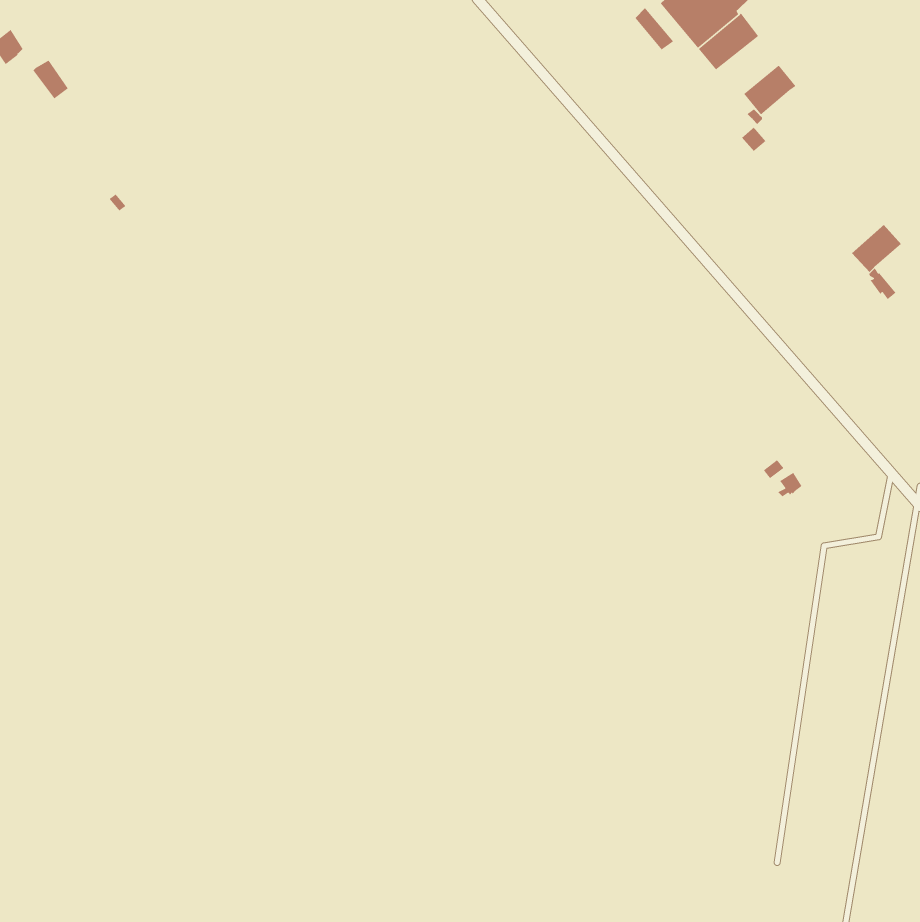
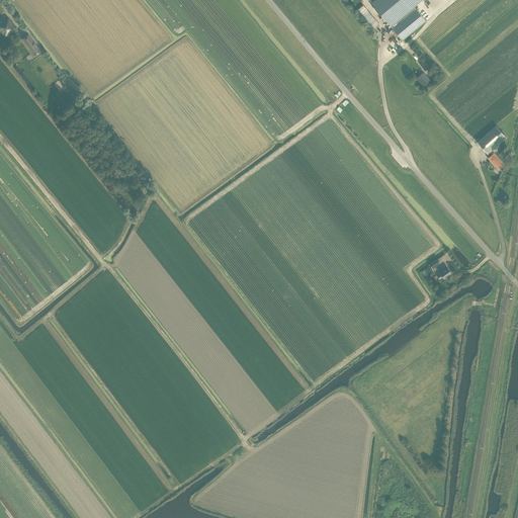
building: [743,64,796,116] -> none

